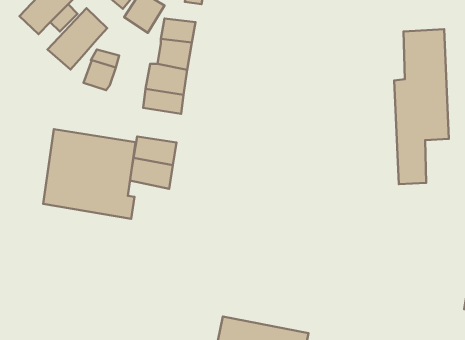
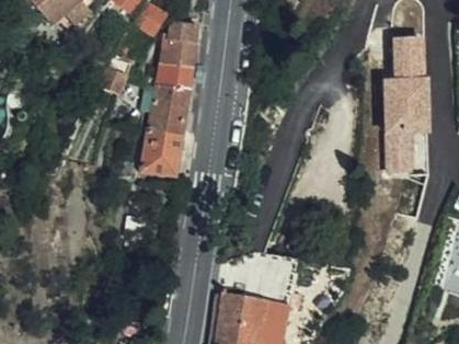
building: [47,8,107,69] -> none
building: none -> [146,102,186,134]
building: [43,129,136,219] -> none

